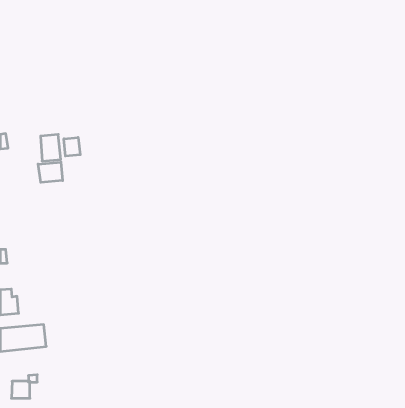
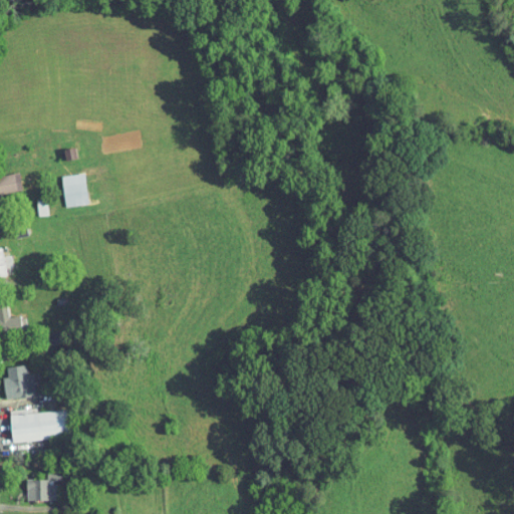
building: [64,137,80,156] -> none
building: [38,162,63,182] -> none

